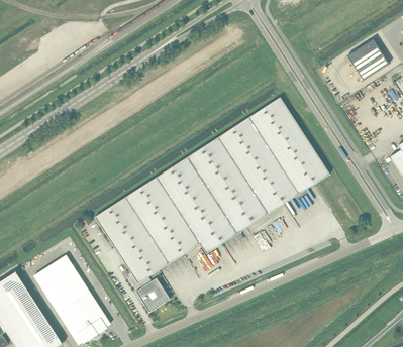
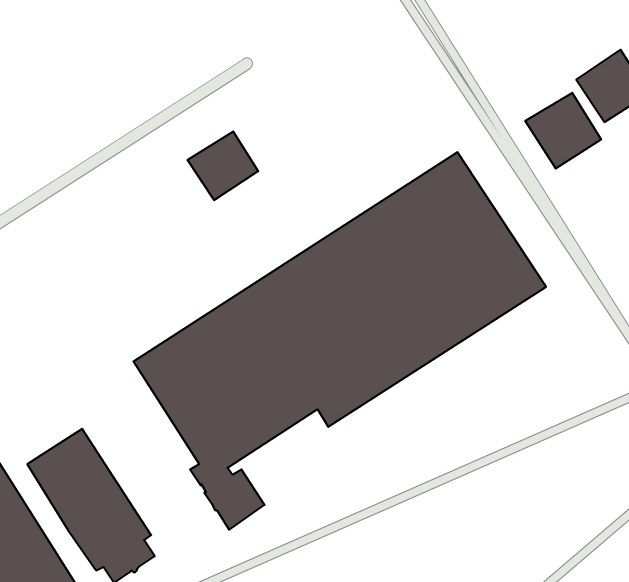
building: none -> [525,93,601,169]
building: none -> [188,131,258,200]

